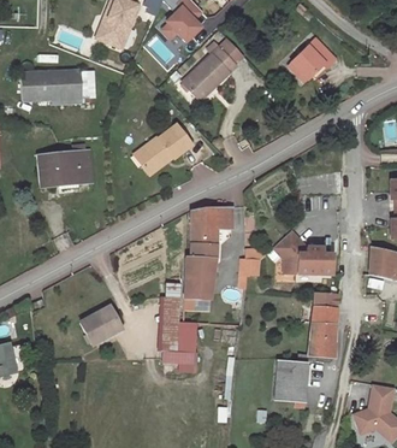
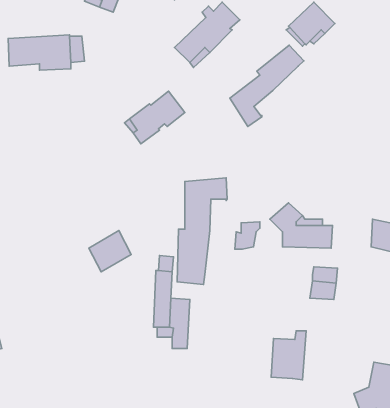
building: none -> [230,45,304,126]
building: [37,143,93,188] -> none
building: [81,305,122,344] -> [89,231,131,272]
building: [308,323,334,356] -> none

